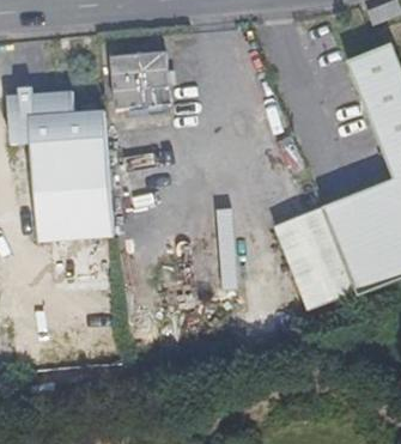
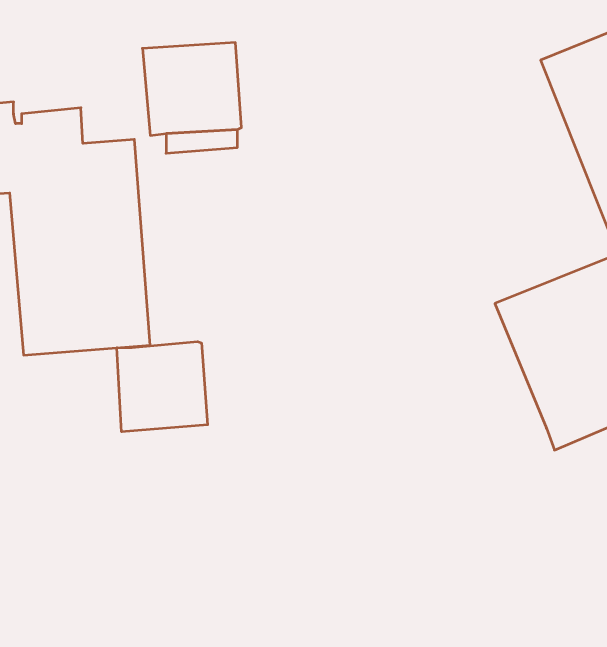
building: [269,203,352,305] -> none
building: none -> [117,342,208,432]

